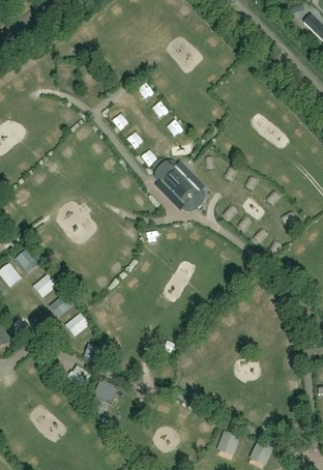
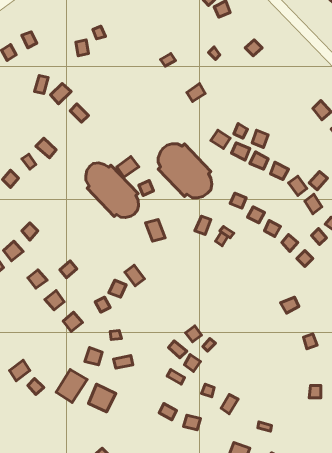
building: none -> [86,163,138,218]

